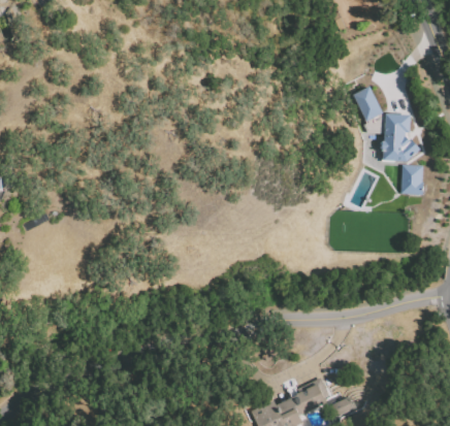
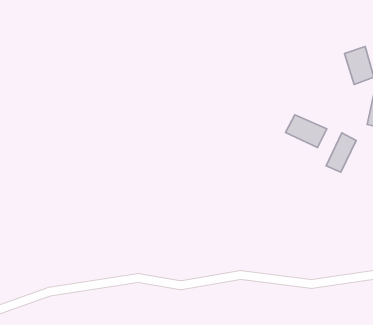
building: none -> [286,115,327,148]

